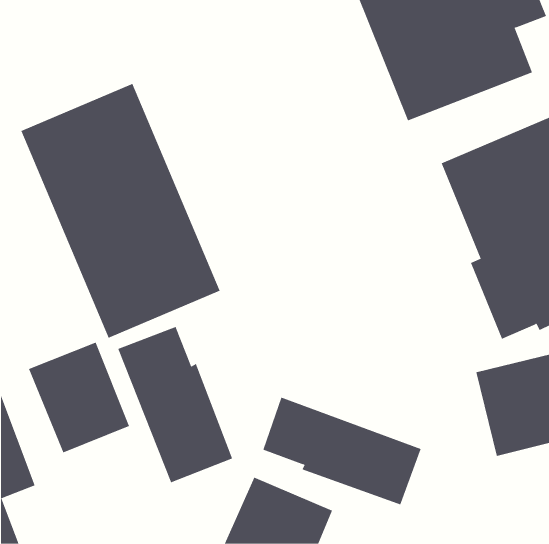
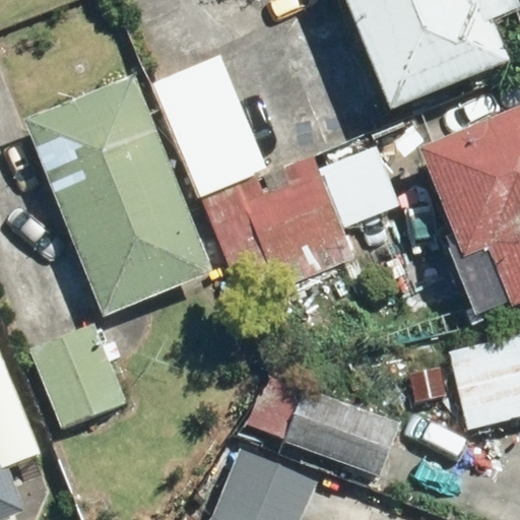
building: none -> [150,52,268,196]
building: none -> [203,136,394,300]
building: [117,326,233,483] -> none

